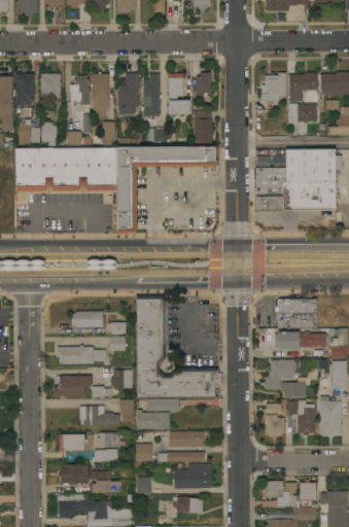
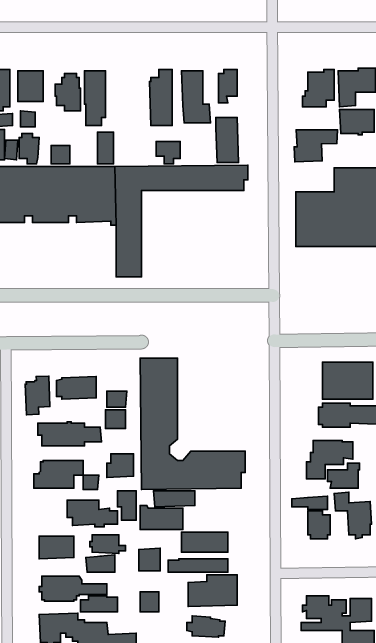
building: [118,72,139,113] -> none
building: none -> [294,130,338,162]
building: none -> [25,376,50,415]

